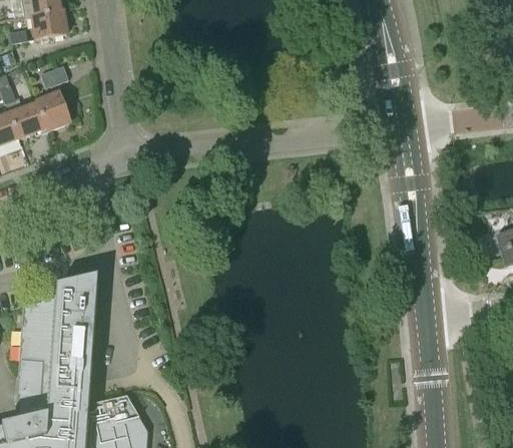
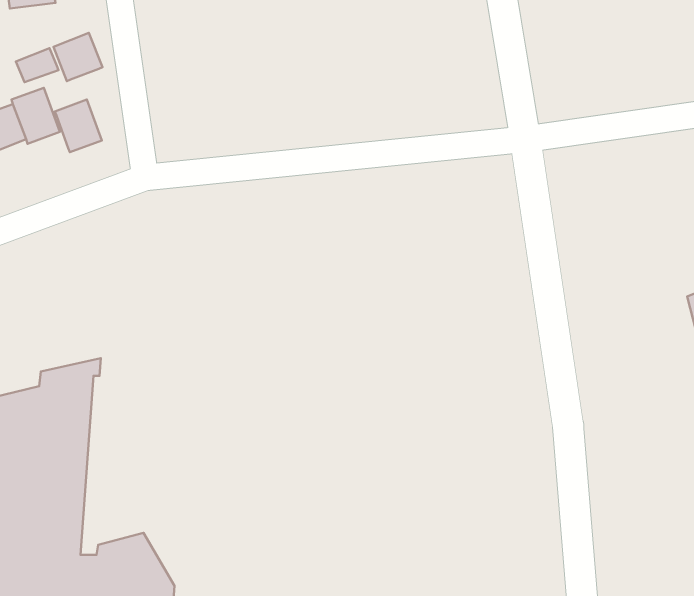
building: none -> [53,33,102,81]
building: none -> [55,100,102,152]

